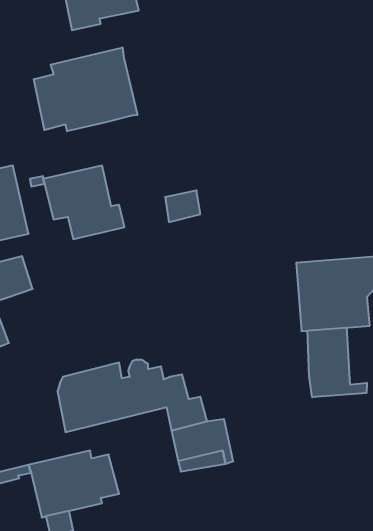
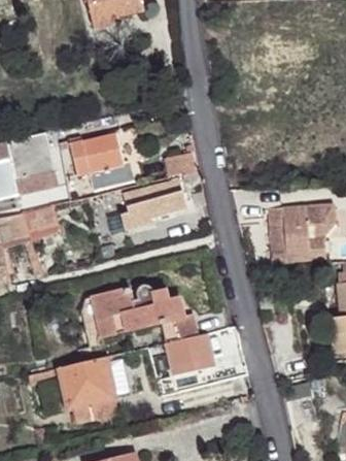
building: [34,47,137,131] -> none
building: none -> [119,178,185,229]
building: [308,328,367,397] -> none

